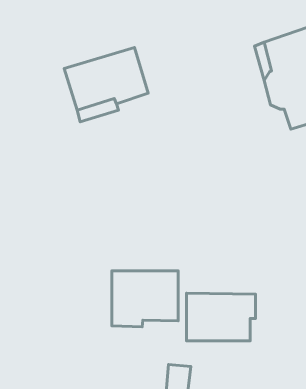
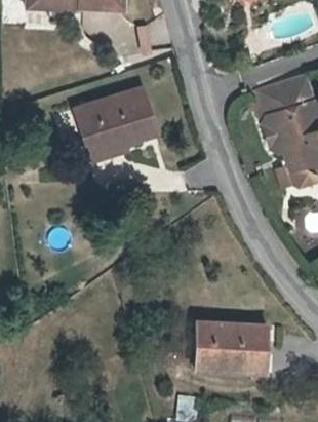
building: [112,271,178,327] -> none

